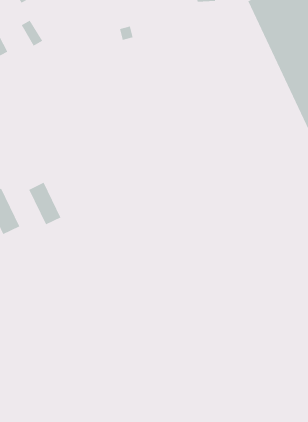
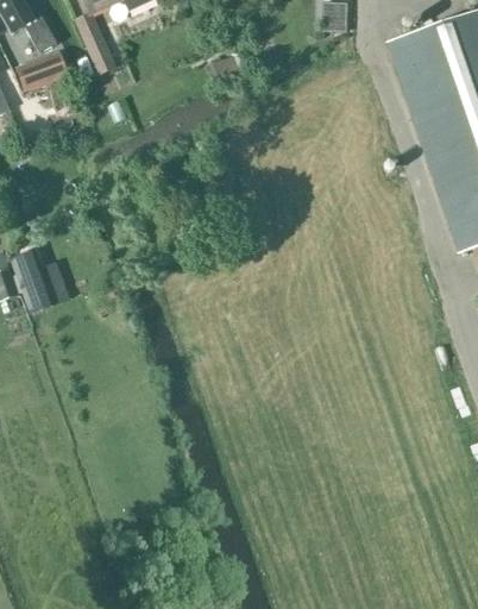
building: [28,182,61,225] -> none

